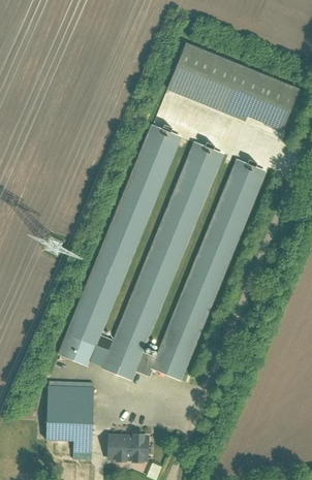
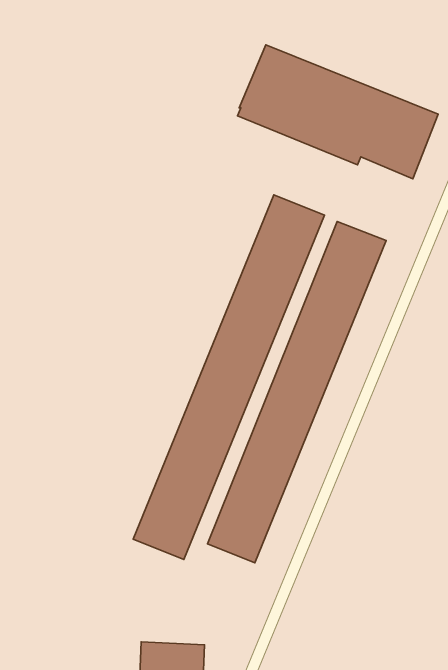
building: [57,126,183,364] -> none
building: [48,385,94,441] -> none

